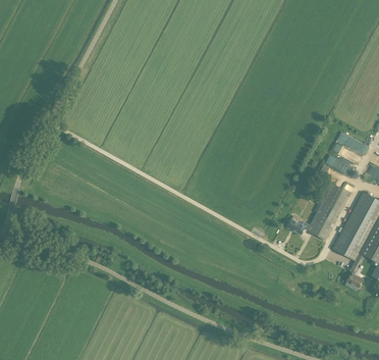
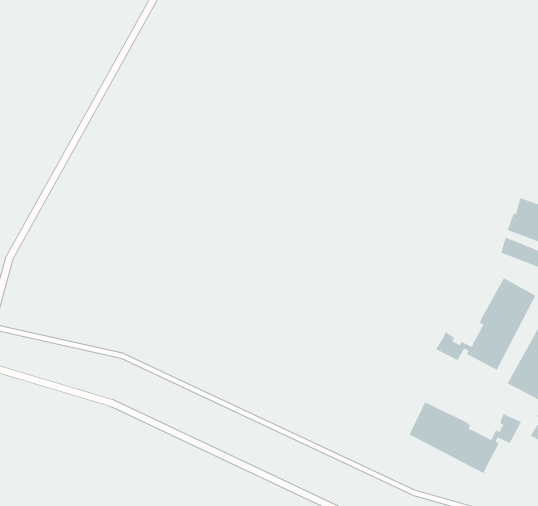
building: none -> [409,402,522,474]

